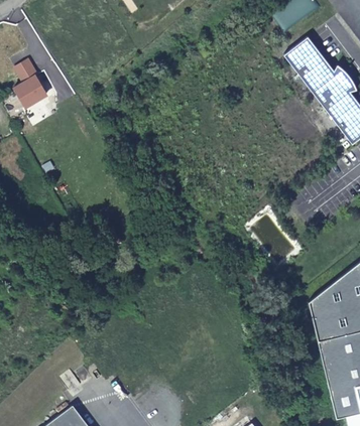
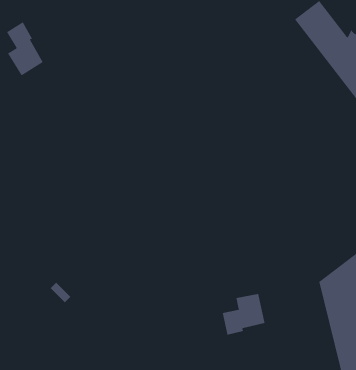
building: none -> [222,293,265,336]

